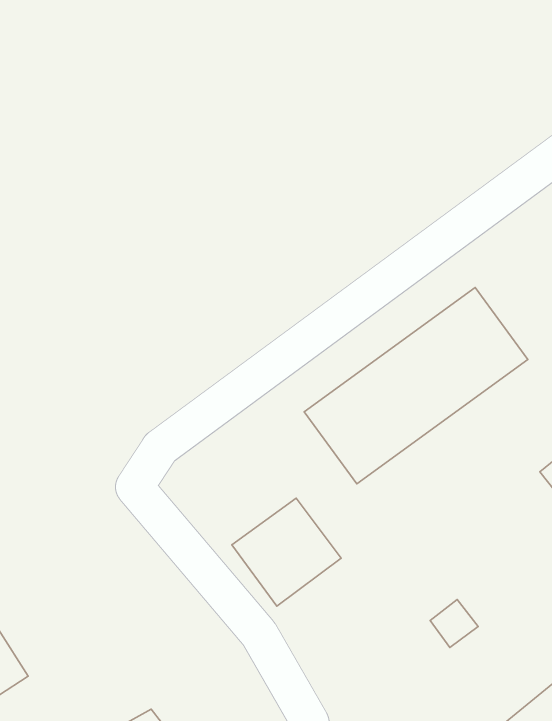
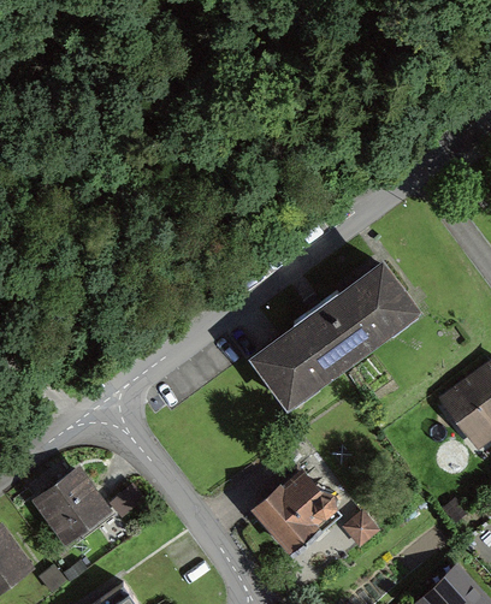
building: [232,498,341,606] -> [244,474,332,561]
building: none -> [31,467,110,546]

